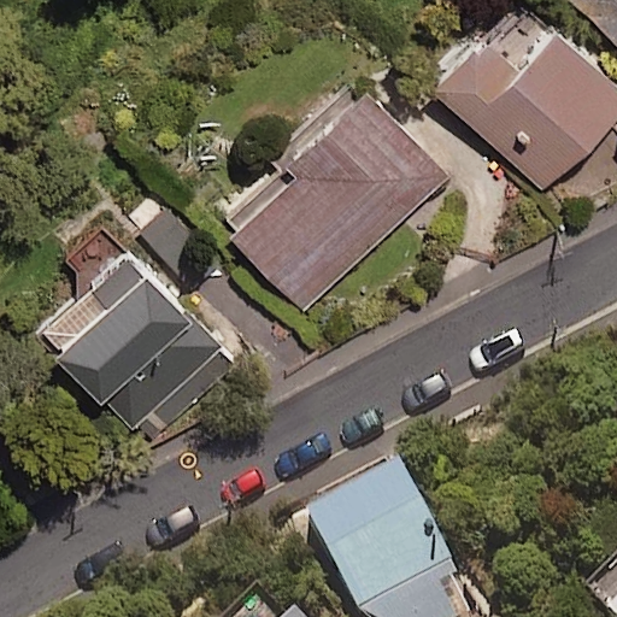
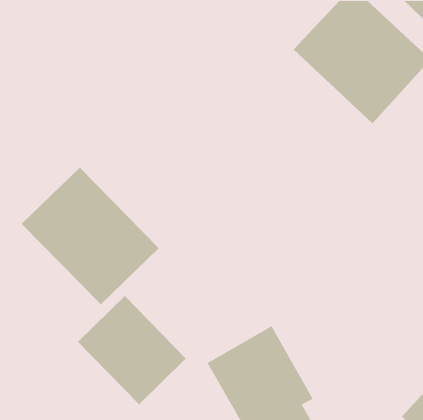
building: [223,81,447,312] -> none
building: none -> [77,295,187,405]

